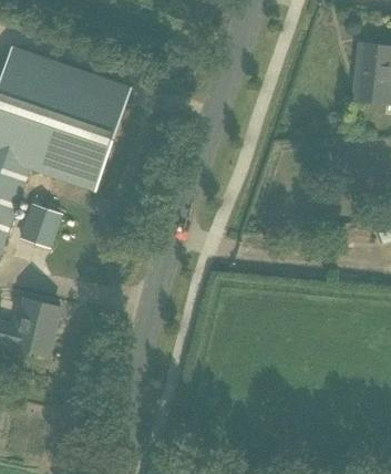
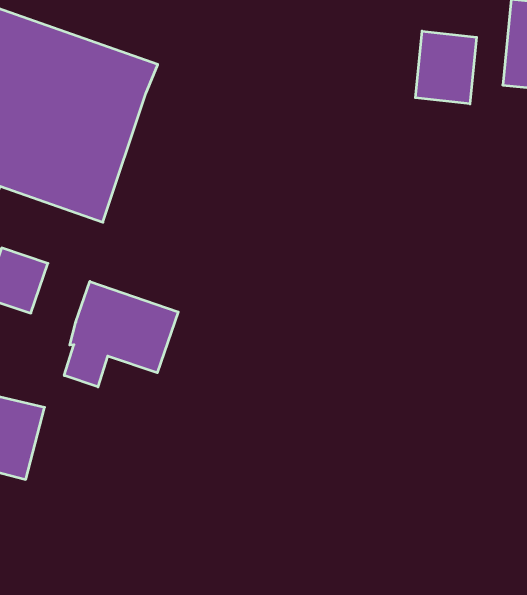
building: none -> [415,31,477,104]
building: none -> [64,281,178,387]

